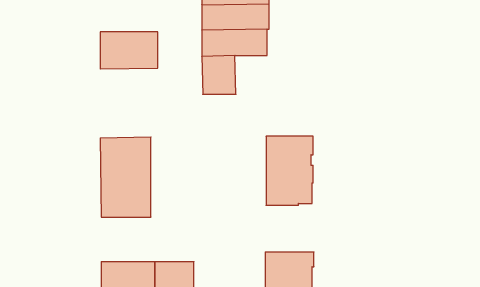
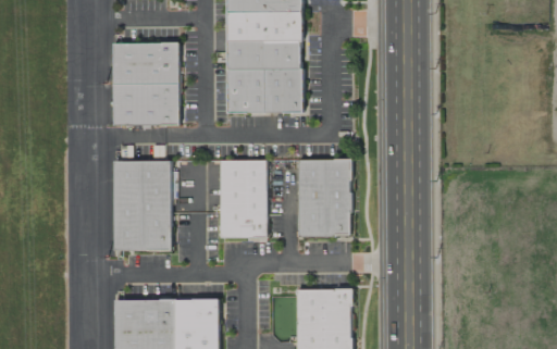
building: none -> [264,70,302,113]
building: none -> [114,84,178,125]
building: none -> [221,161,267,238]

